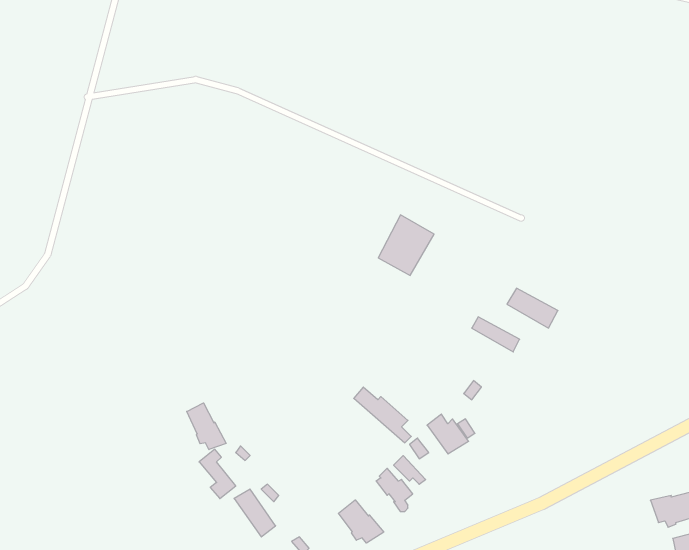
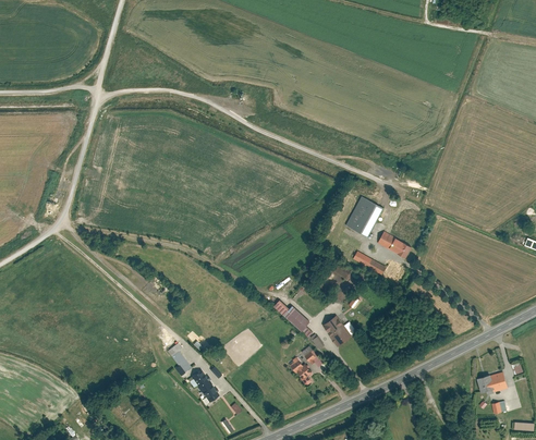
building: [378,215,434,275] -> [346,196,385,237]
building: [187,403,226,450] -> none
building: [338,500,384,543] -> none

